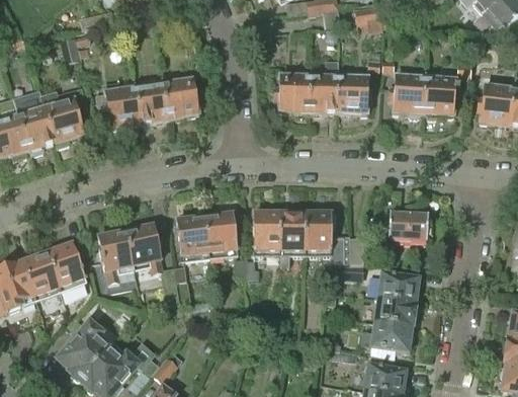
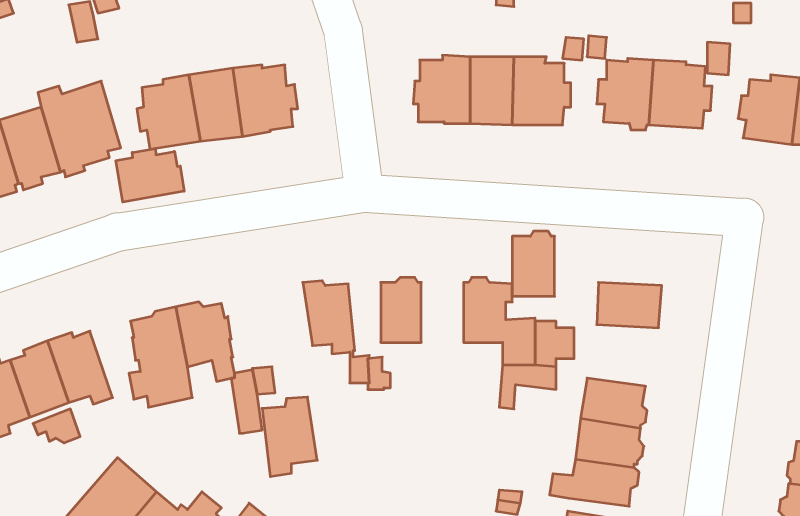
building: none -> [116,148,184,202]
building: [278,210,305,250] -> [512,231,555,296]
building: [176,213,210,262] -> [262,397,317,477]

